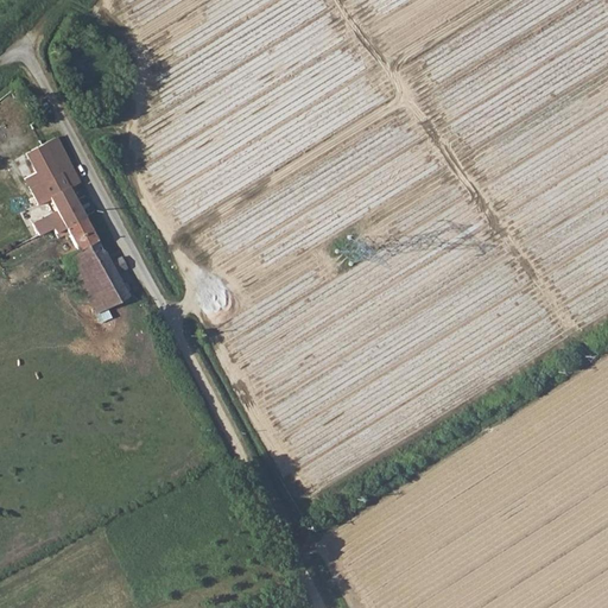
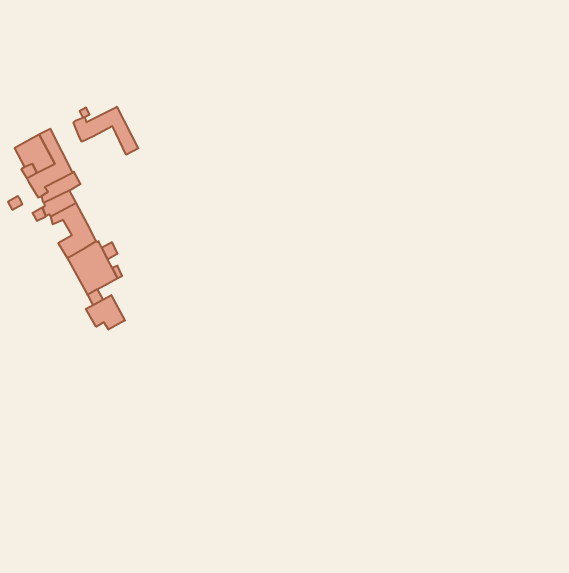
building: none -> [74,107,138,155]
building: none -> [86,295,125,330]

